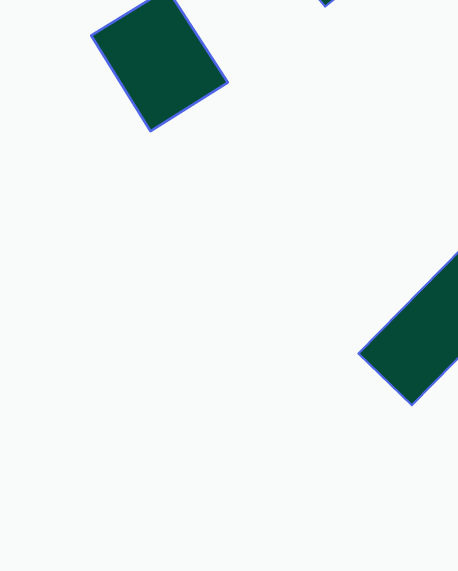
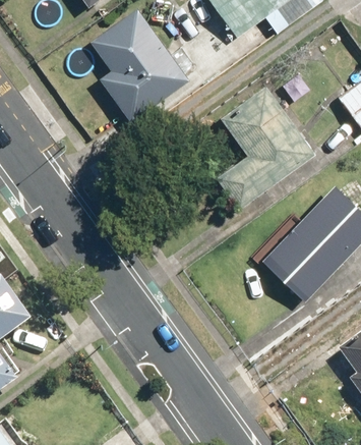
building: none -> [220,96,302,199]

